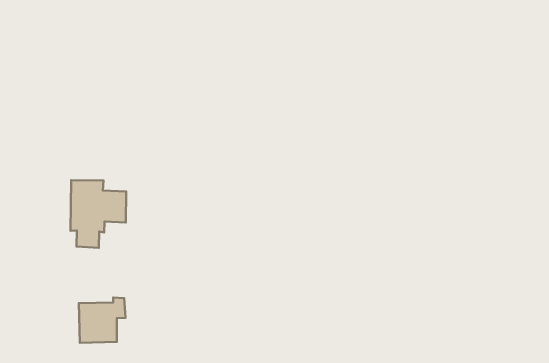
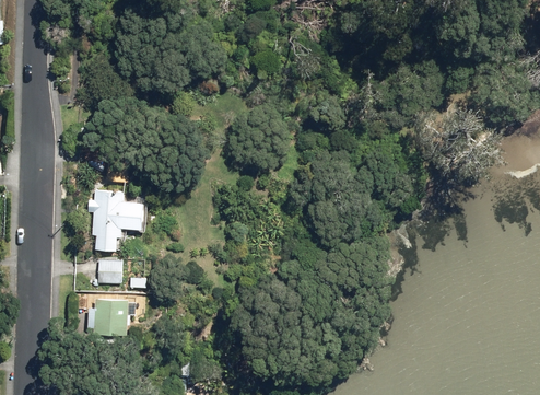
building: none -> [98,258,124,283]

